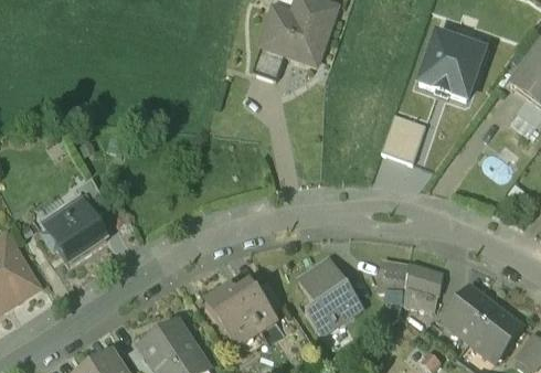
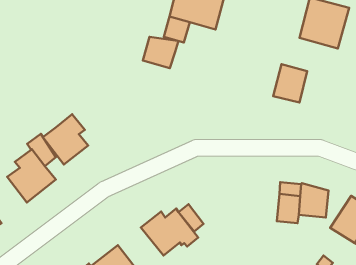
building: none -> [143,37,178,68]
building: none -> [43,114,88,165]
building: [300,257,361,326] -> none

